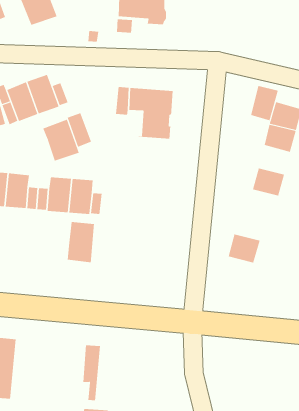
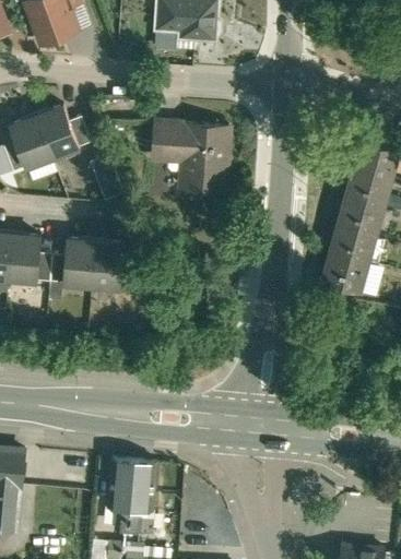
building: [251,85,279,121] -> none
building: [42,119,80,162] -> none
building: none -> [339,199,381,237]
building: [67,221,94,263] -> none
building: [228,234,260,263] -> [323,257,366,295]
building: none -> [127,461,156,535]

